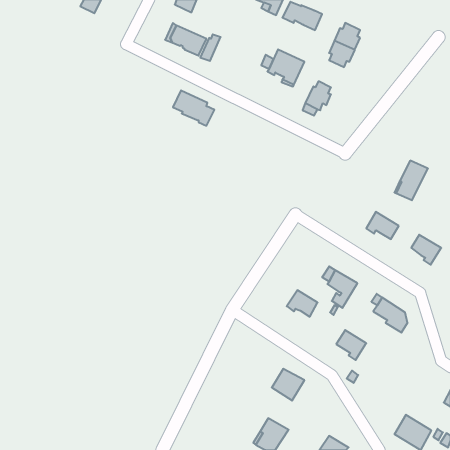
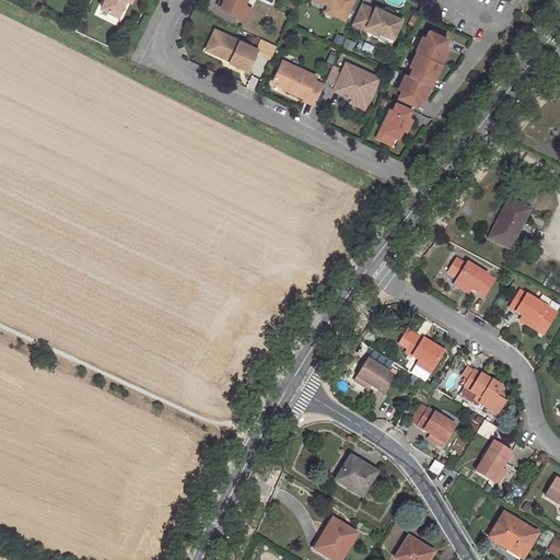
building: none -> [398,72,430,105]
building: [173,90,214,126] -> [272,60,324,104]
building: none -> [477,444,511,483]

